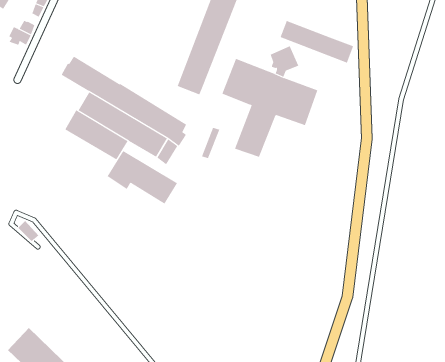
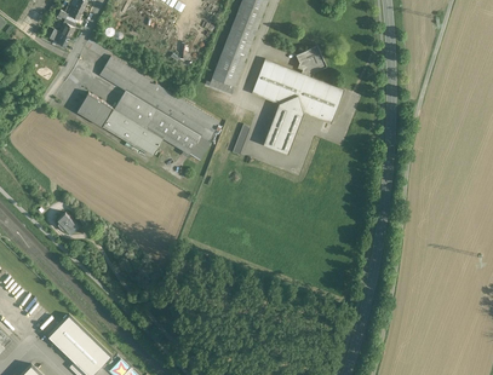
building: [280,20,354,63] -> none
building: none -> [75,92,111,126]
building: [107,150,178,204] -> none

